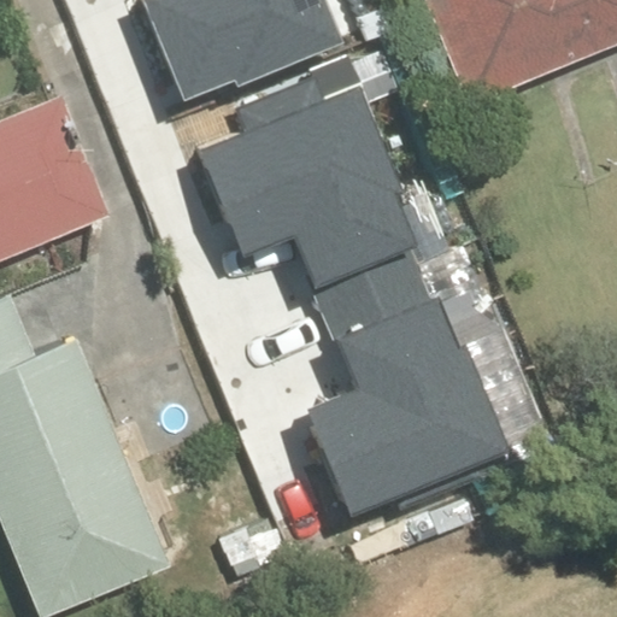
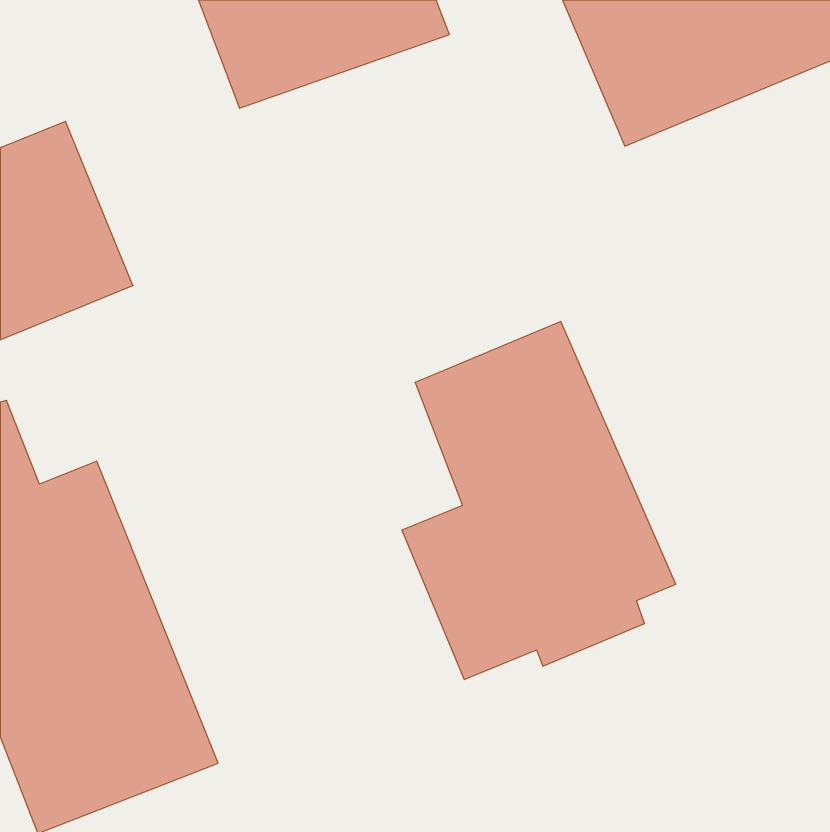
building: [198,65,418,286] -> none

